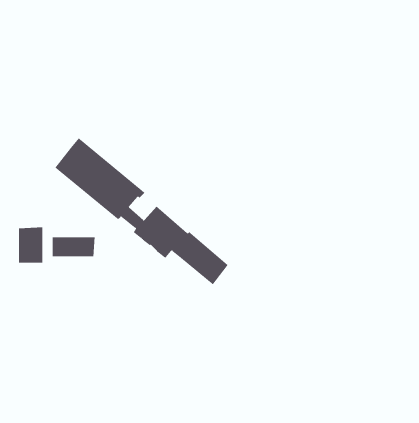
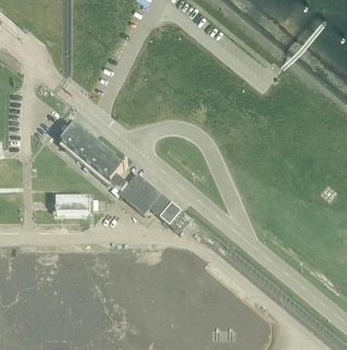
building: [19,227,43,264] -> none

